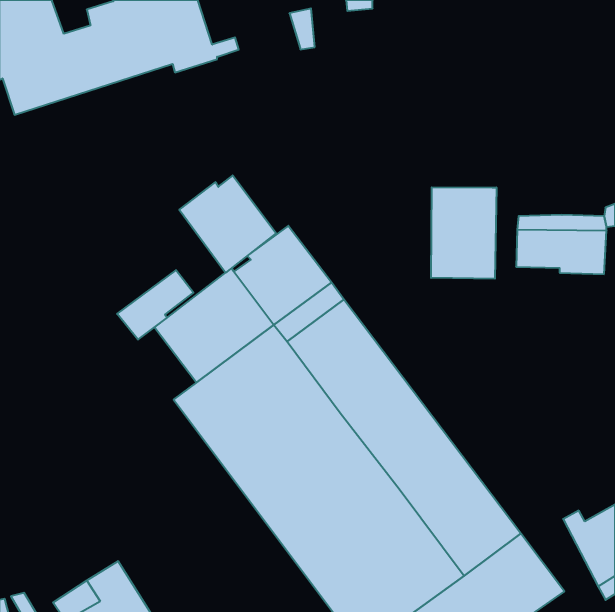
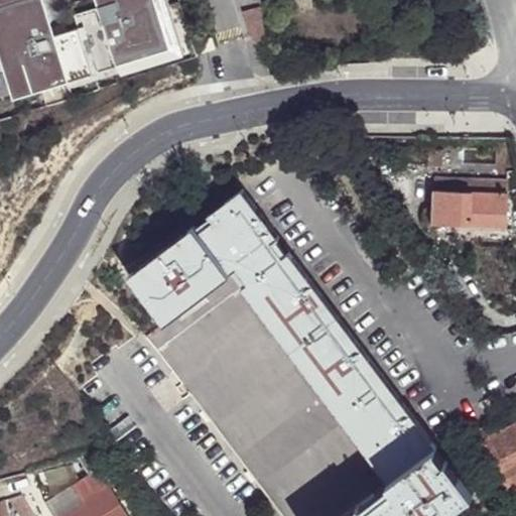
building: [179,175,276,273] -> none
building: [431,187,496,279] -> none
building: [117,270,193,340] -> none

